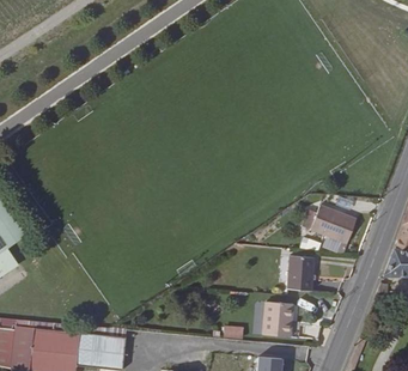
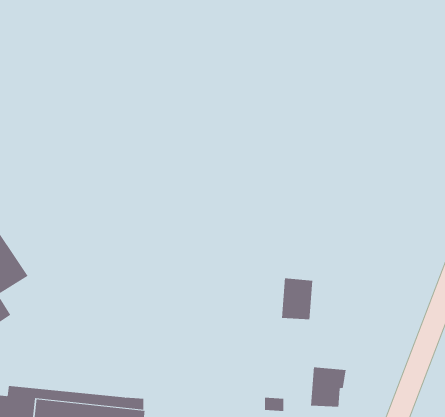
building: [315,208,359,245] -> none
building: [291,257,317,292] -> [281,278,313,320]

